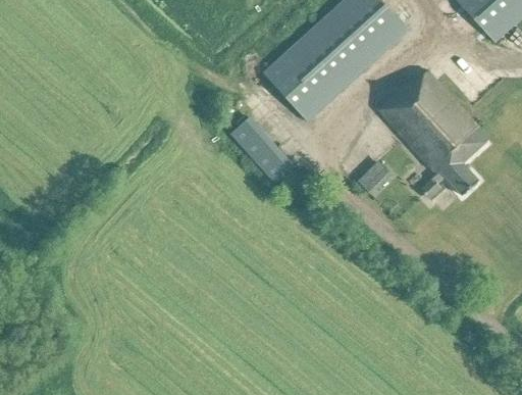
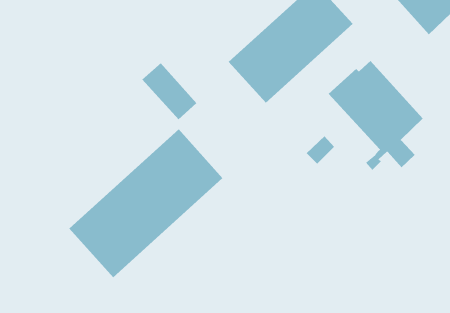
building: [233,113,298,180] -> [141,62,197,120]
building: none -> [68,129,223,278]

